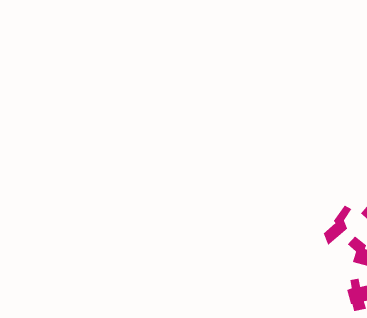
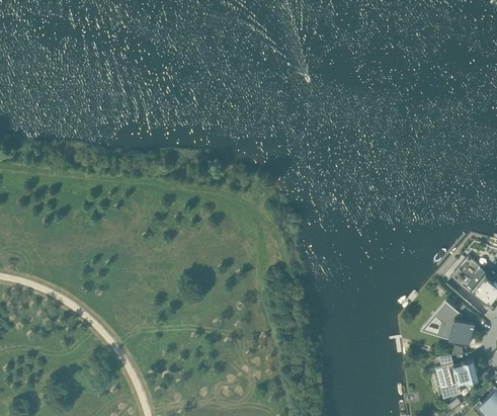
building: [323,205,353,246] -> none

